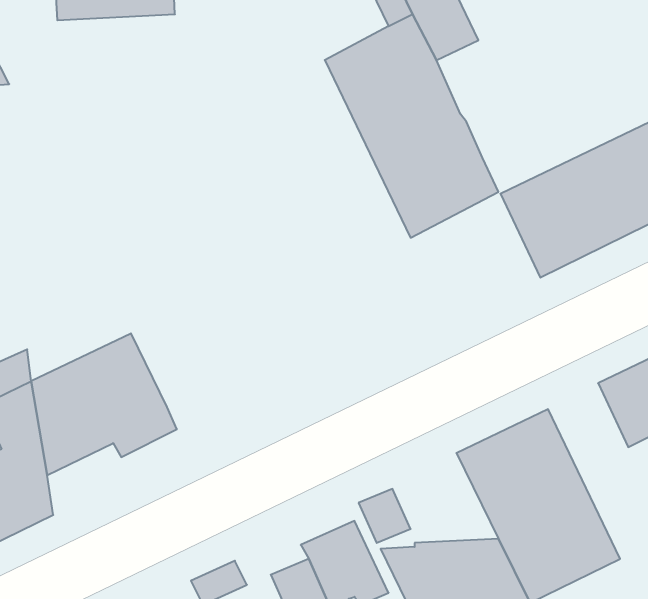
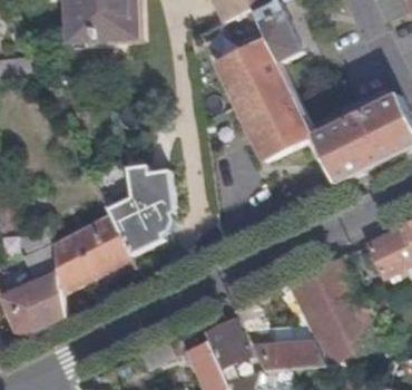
building: none -> [106,164,174,254]

